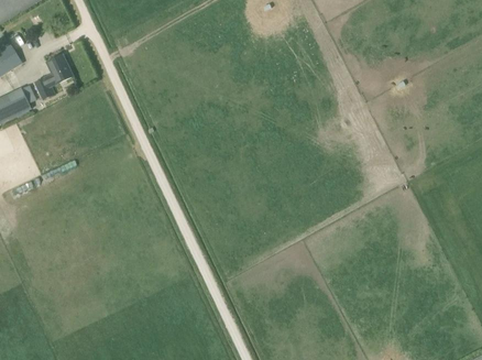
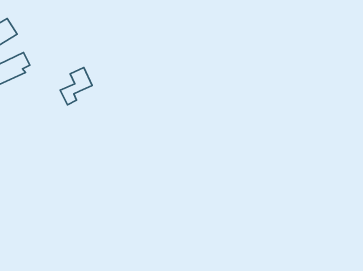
building: [33,55,72,100] -> [60,67,92,105]

